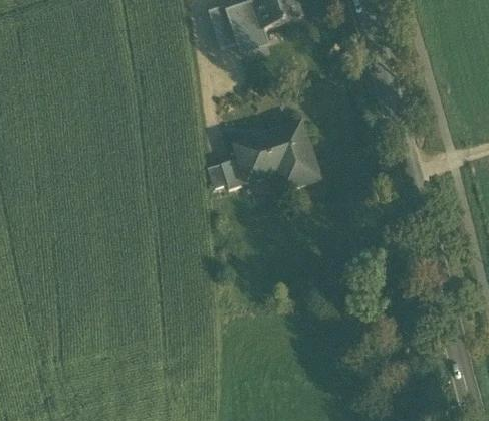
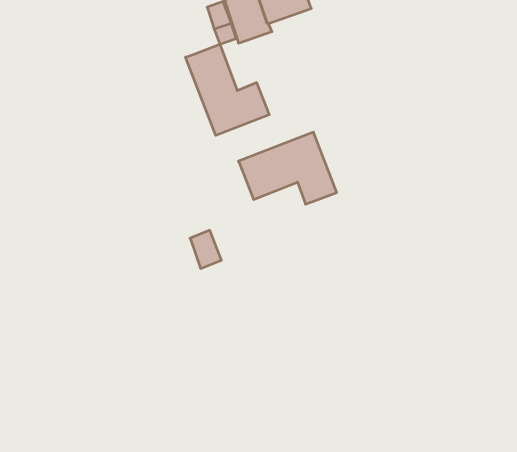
building: none -> [186,44,269,135]
building: [222,156,249,189] -> [190,230,221,268]

